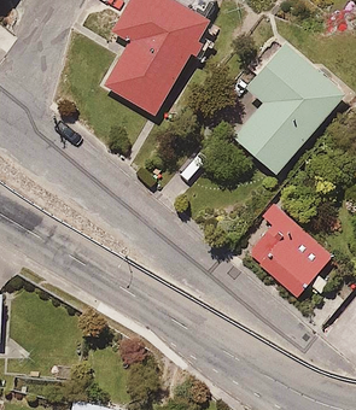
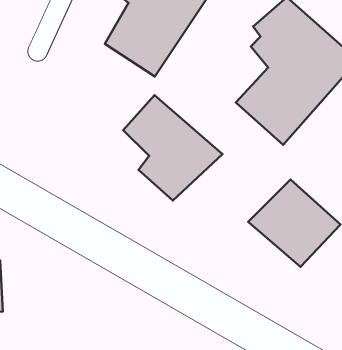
building: none -> [123,95,222,200]

